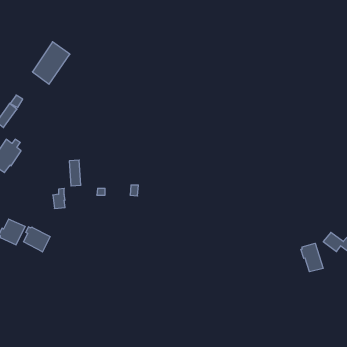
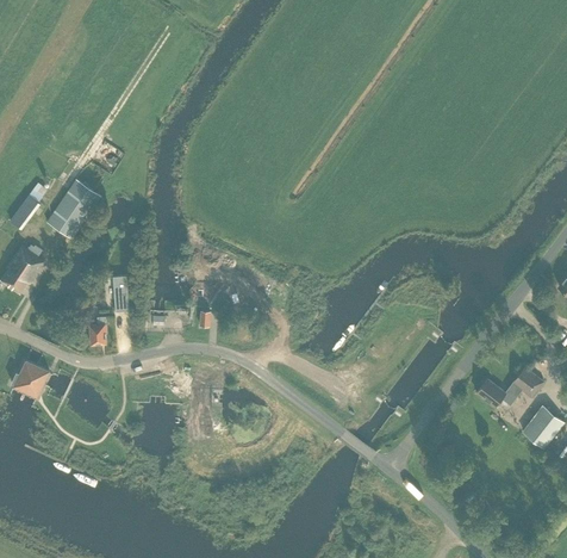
building: [32,42,70,84] -> [48,179,101,240]
building: [24,227,50,252] -> none
building: [301,243,323,272] -> none

